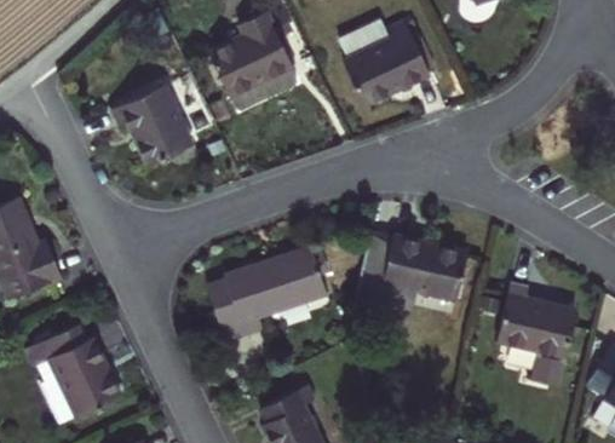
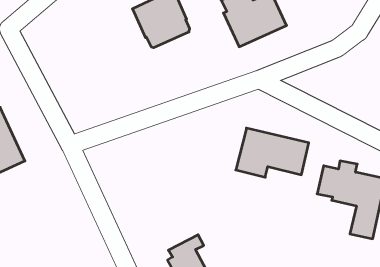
building: [116,82,192,161] -> none
building: [206,251,332,341] -> none
building: [28,318,123,422] -> none

